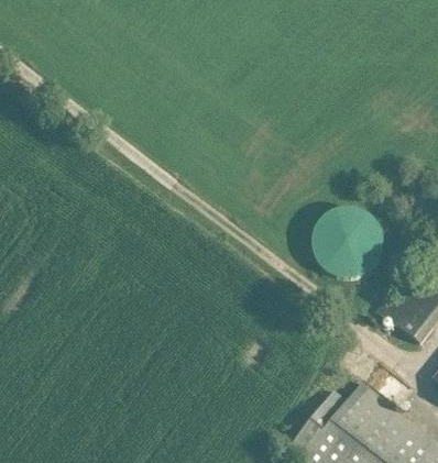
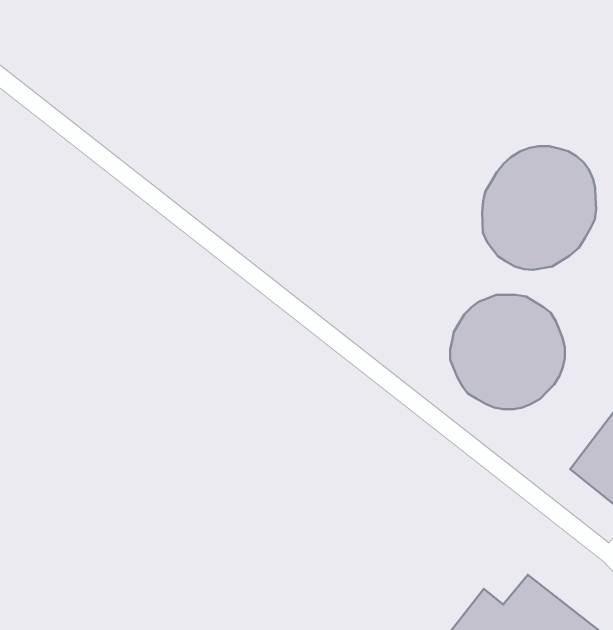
building: none -> [482,146,596,270]

